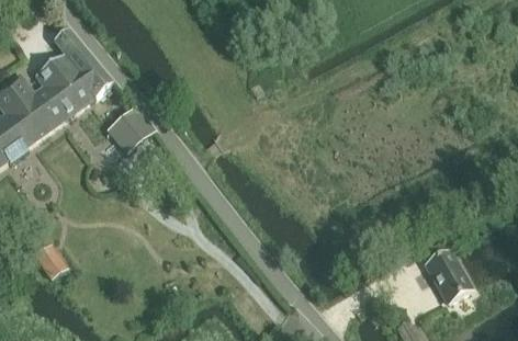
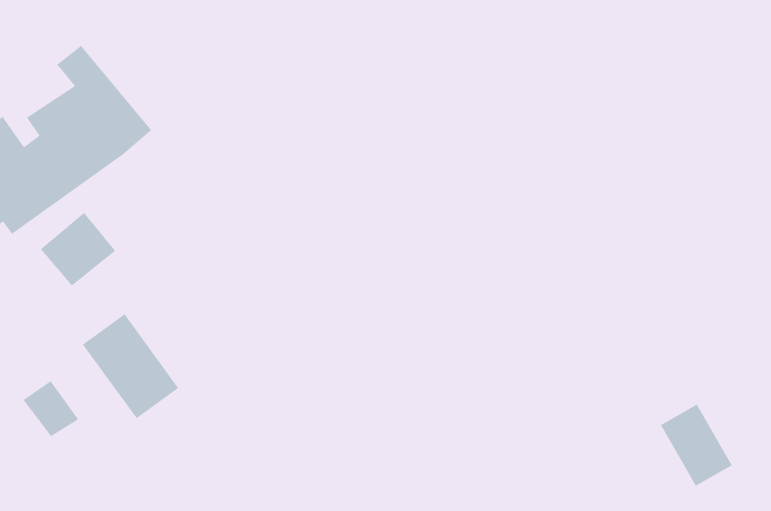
building: [106,107,154,154] -> [40,212,116,286]
building: none -> [82,313,179,419]

